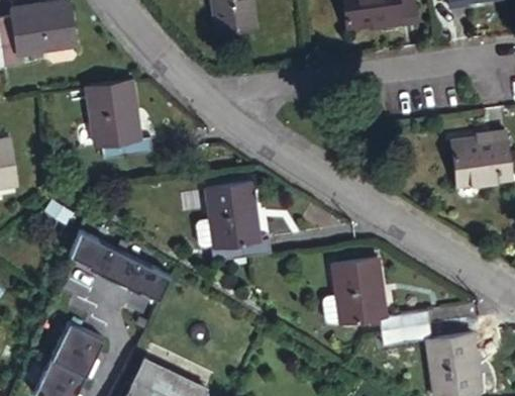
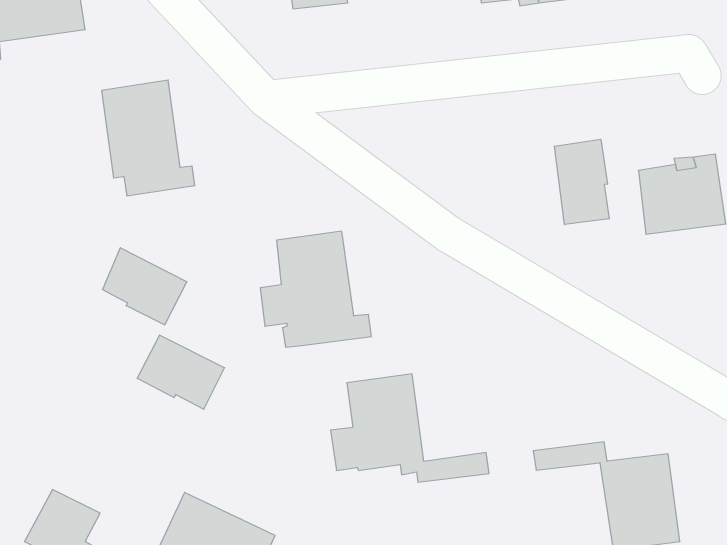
building: none -> [554,139,609,225]
building: [69,229,126,282] -> [102,248,187,325]
building: [321,258,429,331] -> [330,374,489,482]
building: [54,321,104,377] -> none

